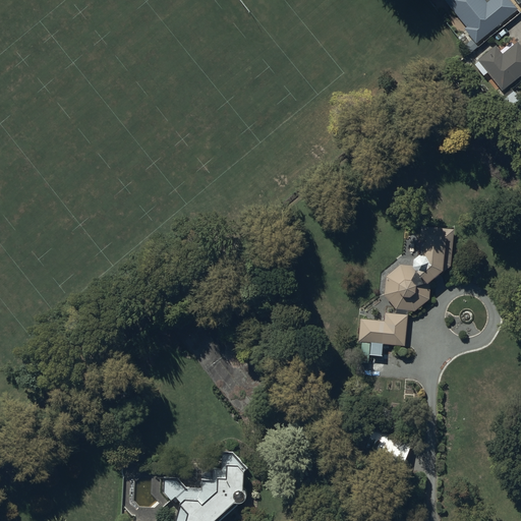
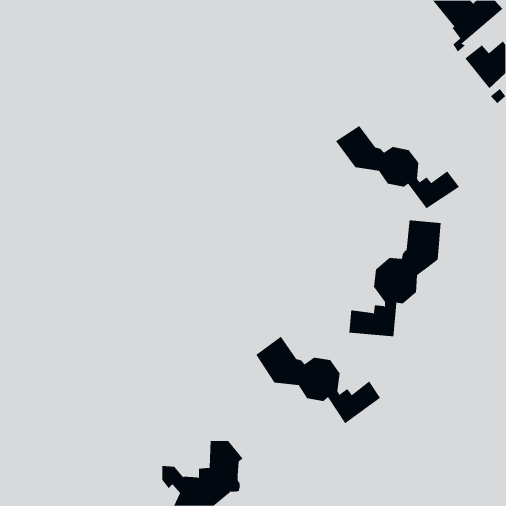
building: none -> [335,125,460,209]
building: none -> [255,336,381,424]

